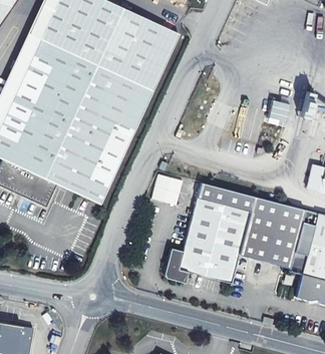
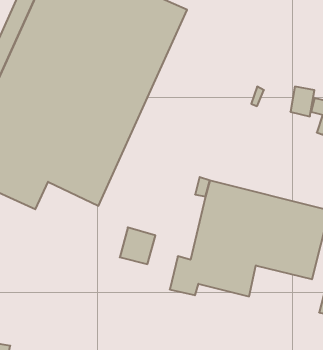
building: [151,173,183,206] -> [120,227,155,264]

